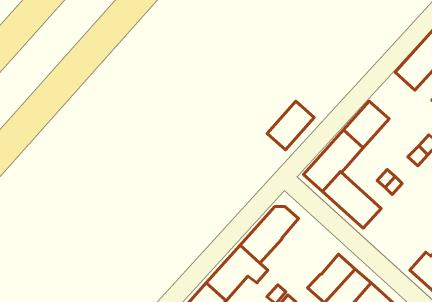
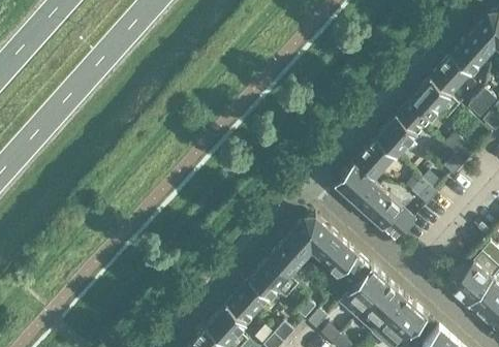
building: none -> [403,78,459,127]
building: [267,101,314,150] -> none
building: none -> [312,230,371,288]

